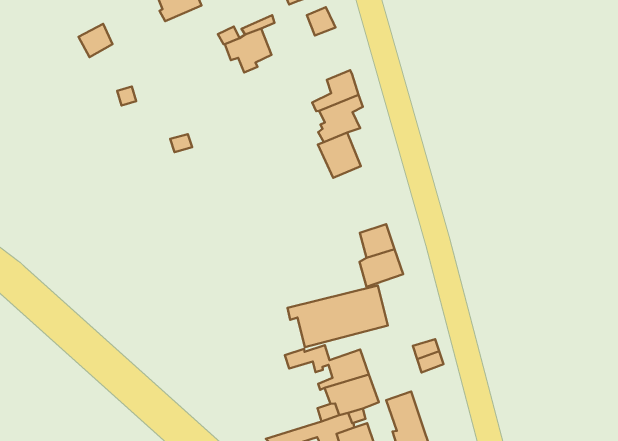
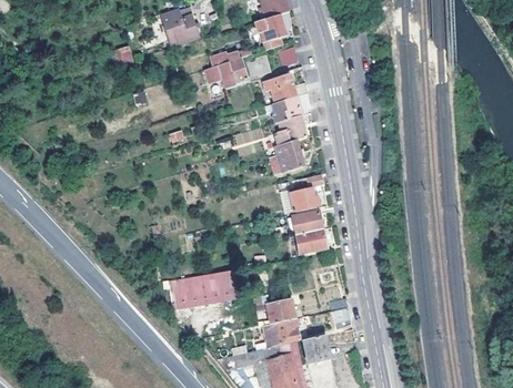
building: none -> [262,74,303,105]
building: none -> [289,174,323,211]
building: [288,286,388,347] -> [161,269,233,309]

